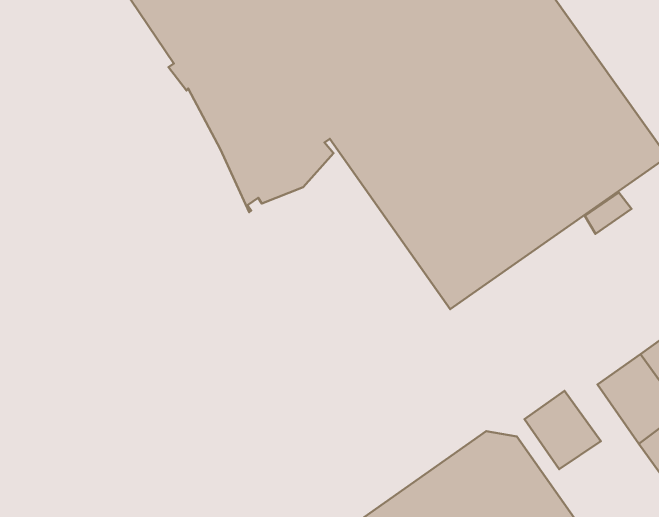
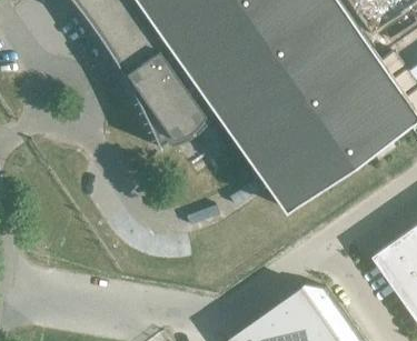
building: [524,391,601,469] -> none

